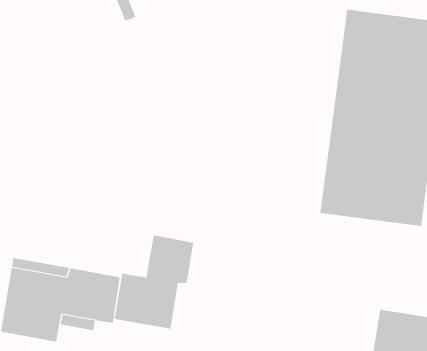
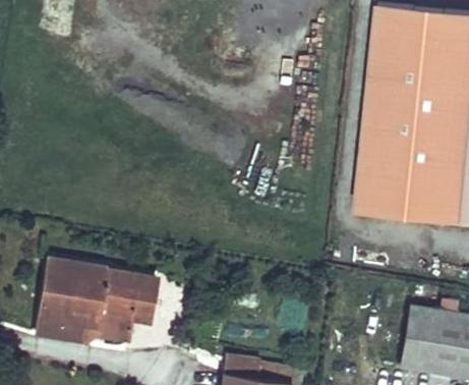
building: [114,234,194,329] -> none

